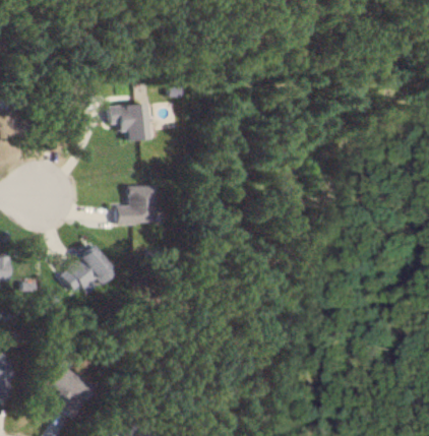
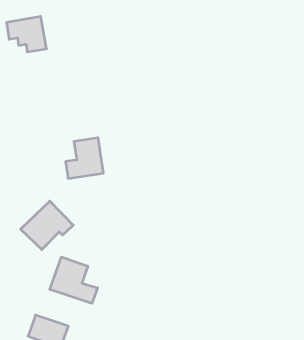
building: [114,106,152,141] -> [7,16,47,52]
building: none -> [50,257,98,303]

